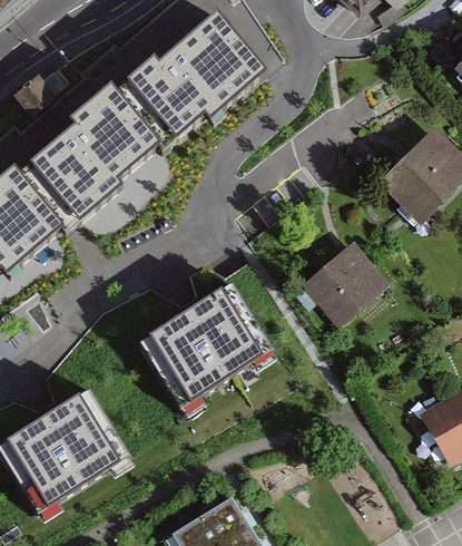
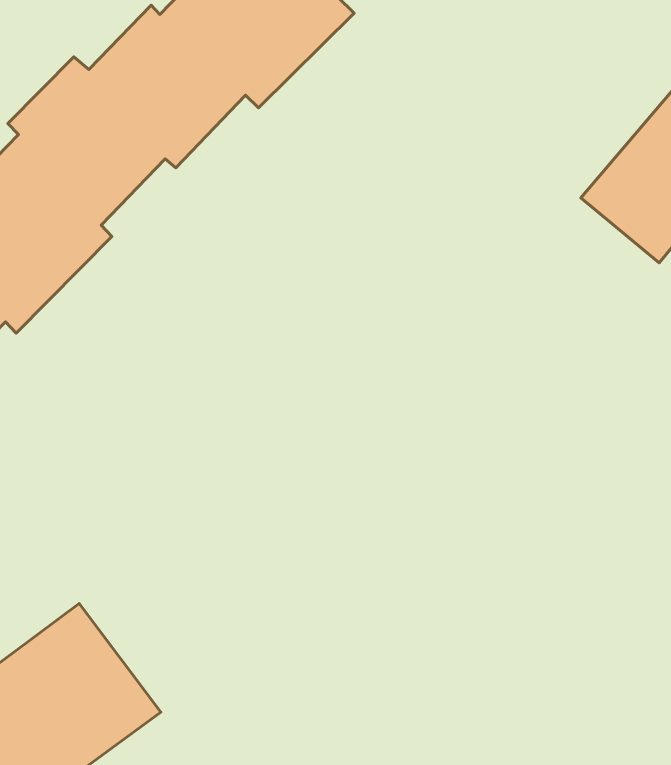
building: [306,244,389,325] -> none
building: [136,283,269,406] -> none

